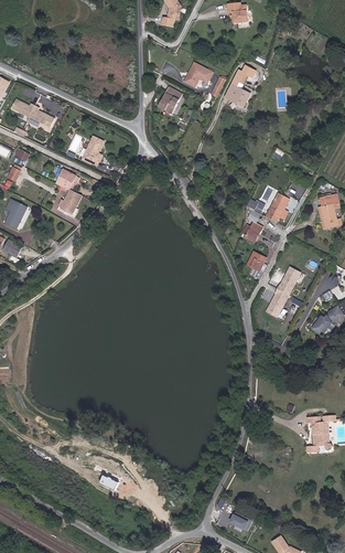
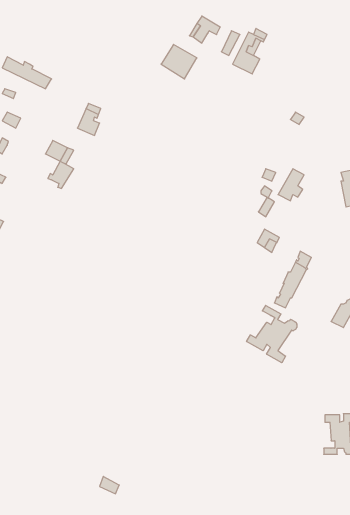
building: none -> [247,305,297,363]

